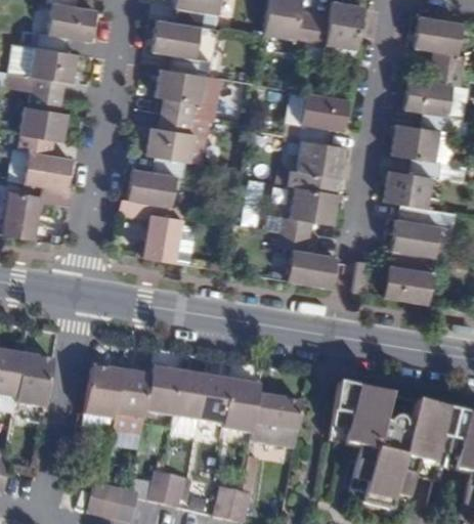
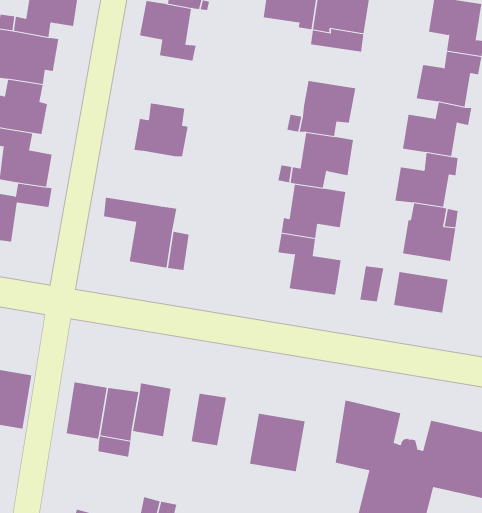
building: [156,67,206,117] -> none
building: [129,156,185,206] -> none
building: [171,372,206,437] -> none
building: [223,380,261,433] -> none

